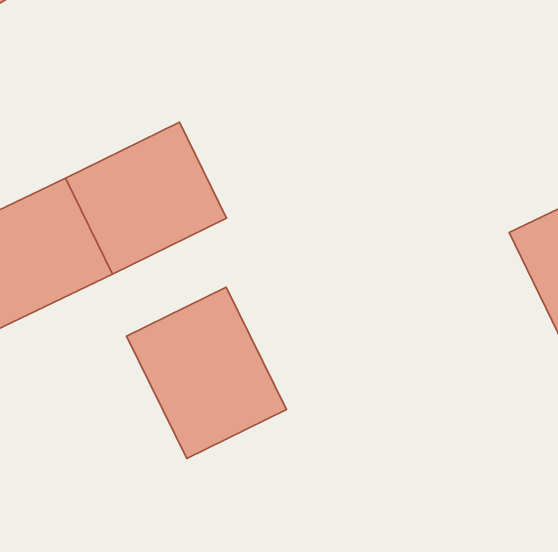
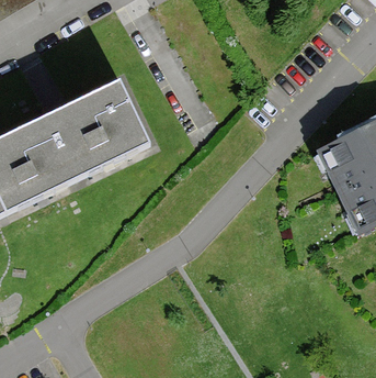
building: [126,287,286,459] -> none

